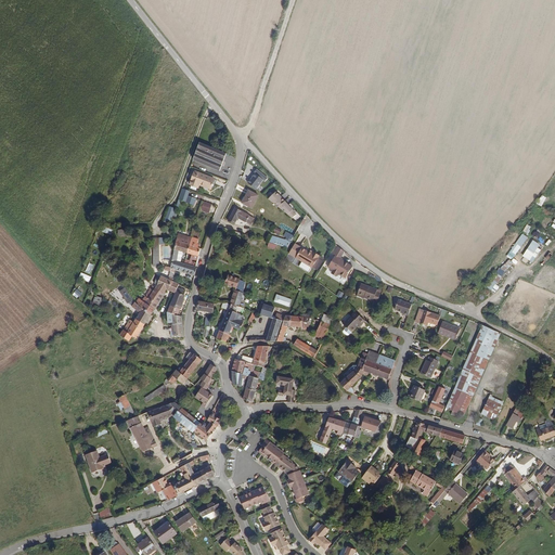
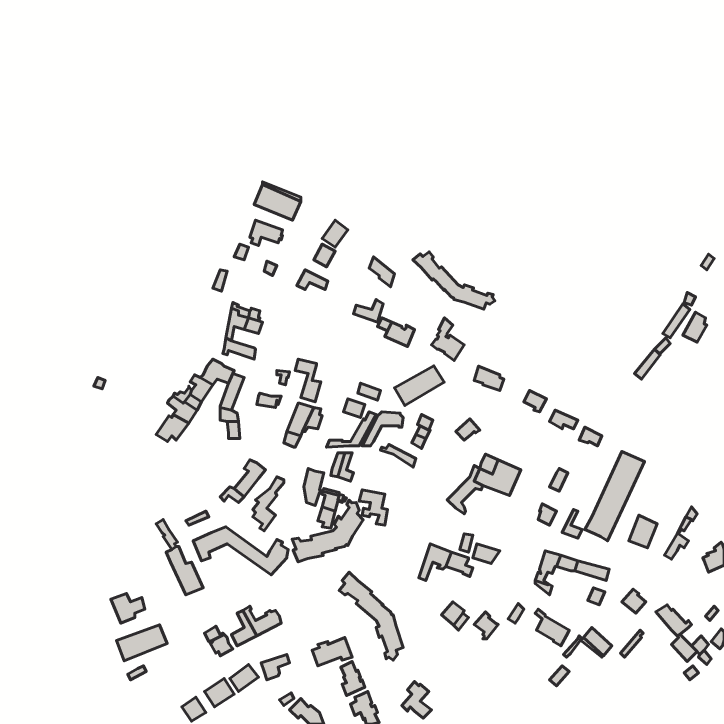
building: none -> [413,252,495,309]
building: none -> [394,366,444,406]
building: none -> [292,500,363,562]
building: none -> [116,625,167,661]

